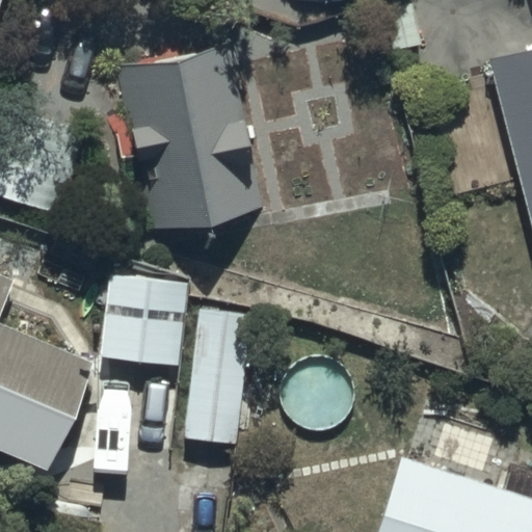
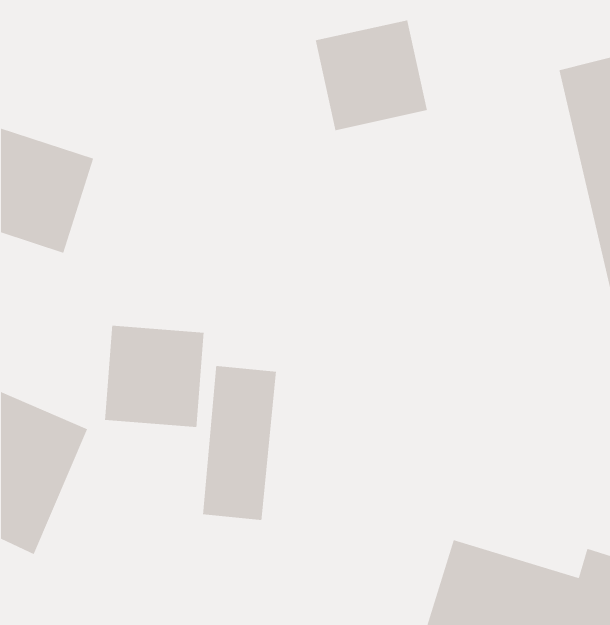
building: none -> [315,19,428,131]
building: [122,42,276,234] -> none

